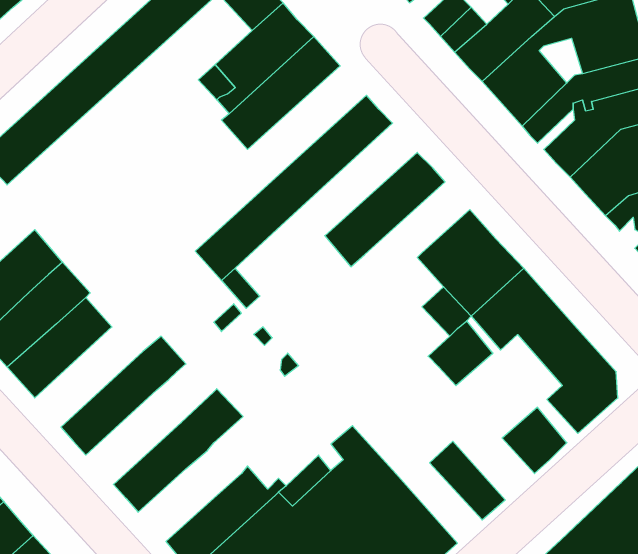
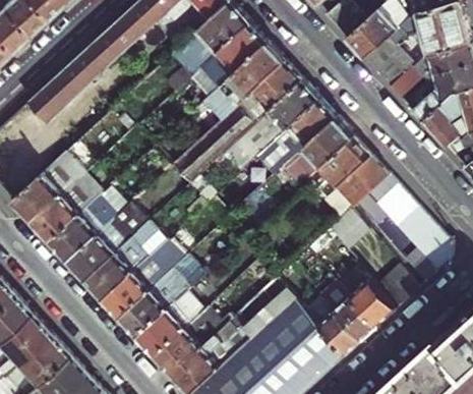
building: none -> [203,45,286,123]
building: none -> [227,82,319,171]
building: none -> [285,121,354,187]
building: none -> [67,214,138,283]
building: none -> [101,241,185,321]
building: none -> [336,267,397,331]
building: none -> [135,293,203,358]
building: none -> [305,299,362,359]

